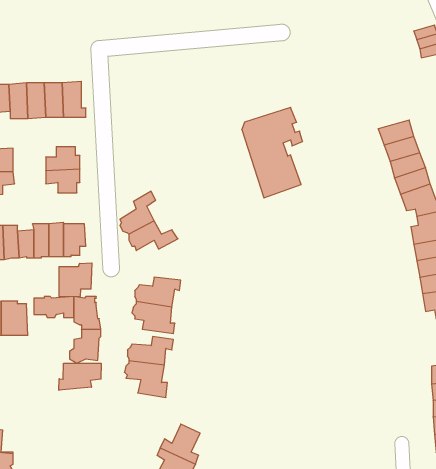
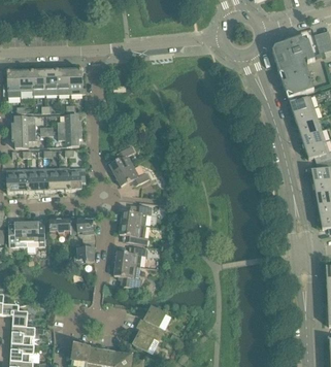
building: [242,107,303,198] -> [272,35,315,98]
building: [59,263,92,297] -> none
building: [59,363,101,390] -> none

